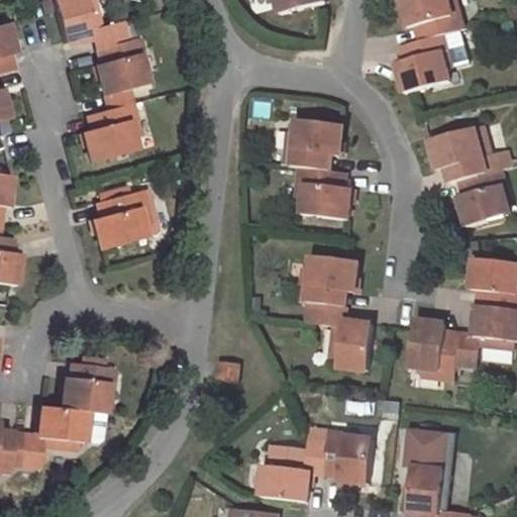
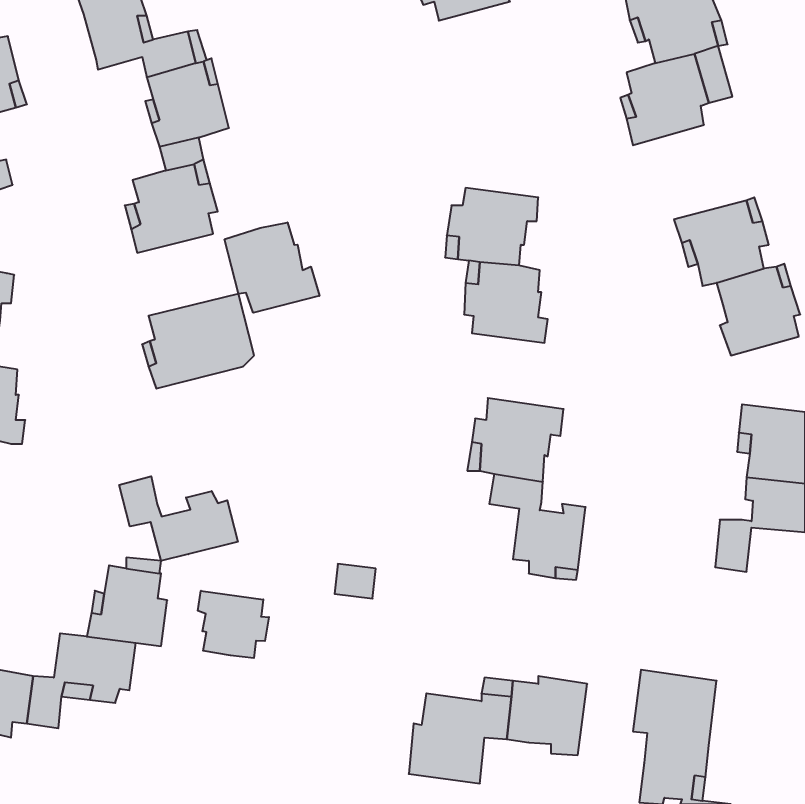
building: none -> [225,222,319,313]
building: none -> [119,476,238,561]
building: [410,321,460,378] -> none
building: none -> [198,591,269,658]

